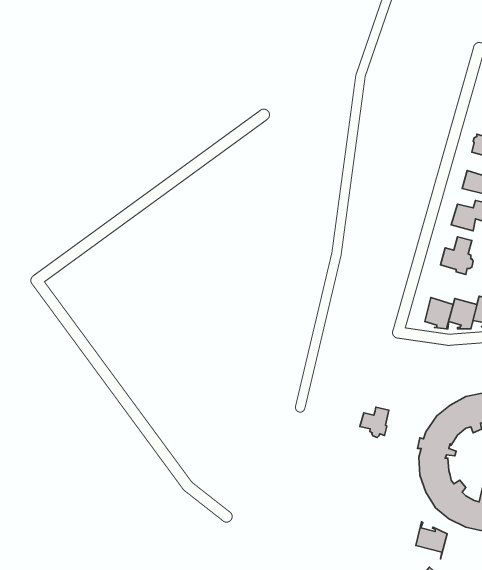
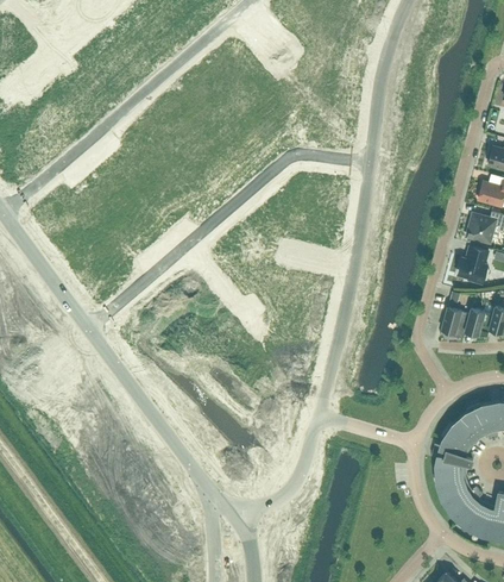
building: [360,407,389,437] -> none
building: [416,522,447,559] -> none

